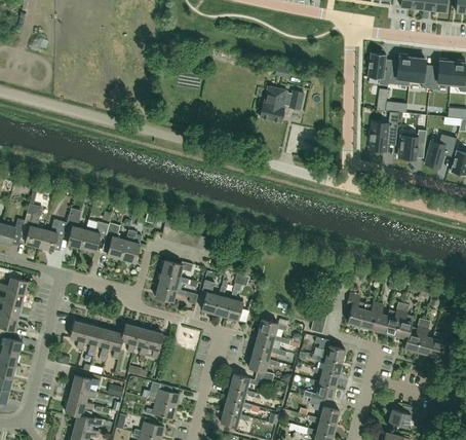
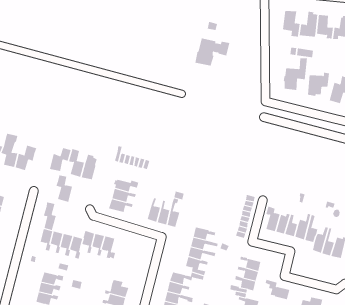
building: [65,214,86,248] -> [55,175,73,202]
building: none -> [43,202,57,231]
building: [314,336,345,362] -> [265,279,290,300]

